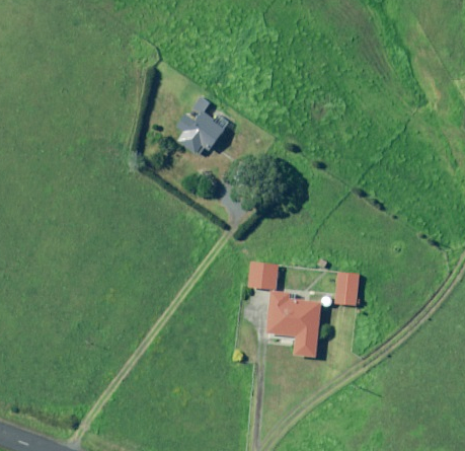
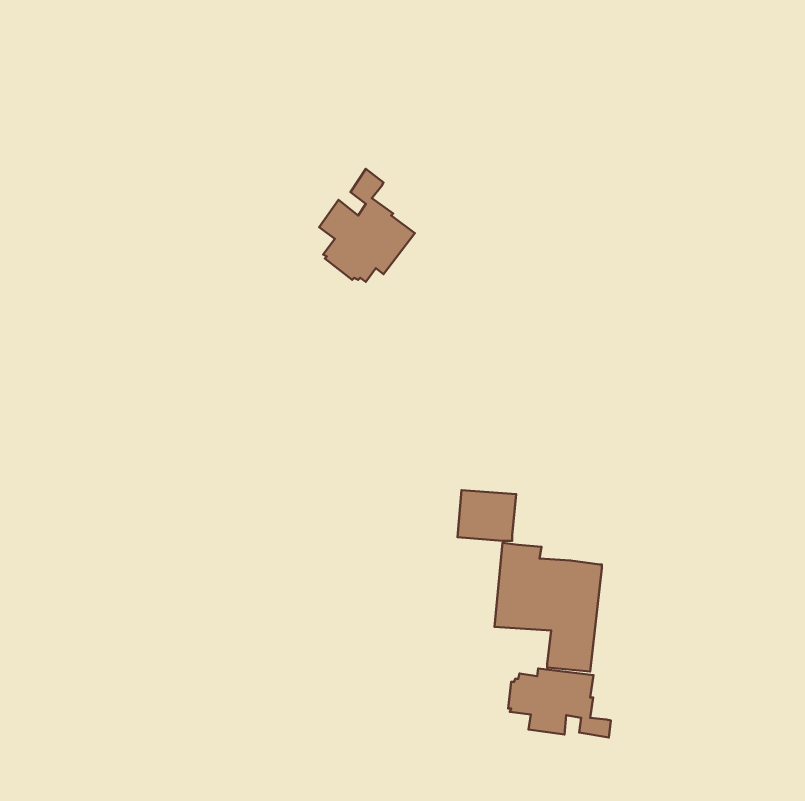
building: [334,272,359,306] -> none
building: none -> [508,669,611,738]

